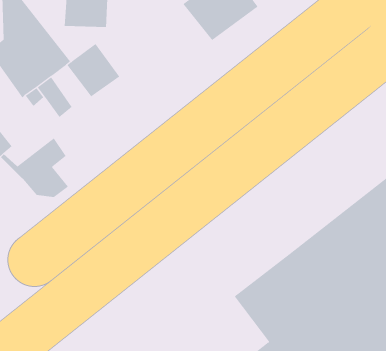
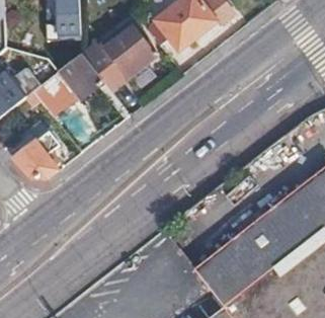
building: none -> [82,26,157,95]

